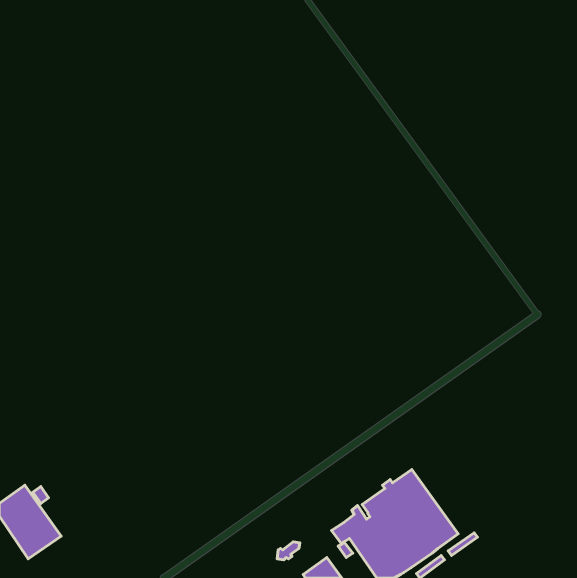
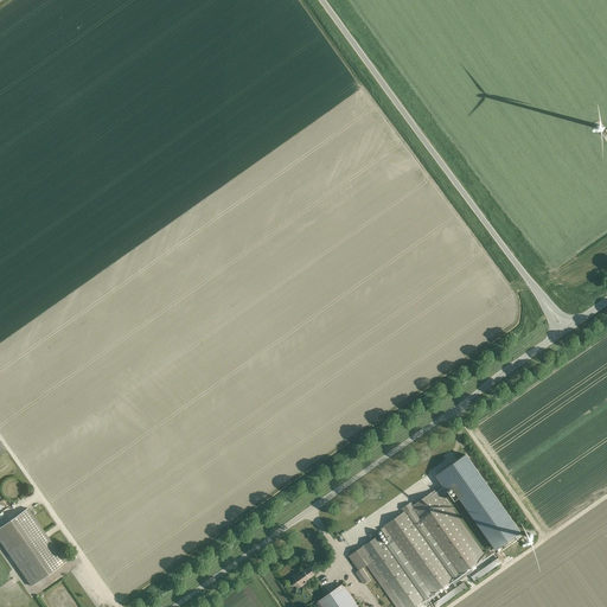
building: none -> [435,454,519,550]

